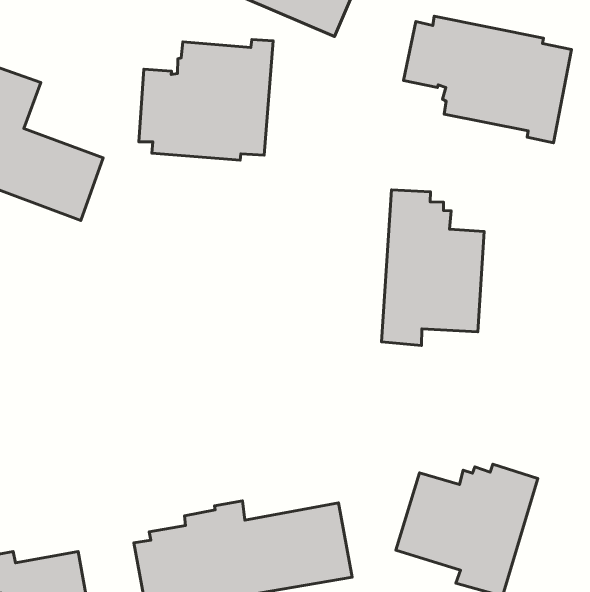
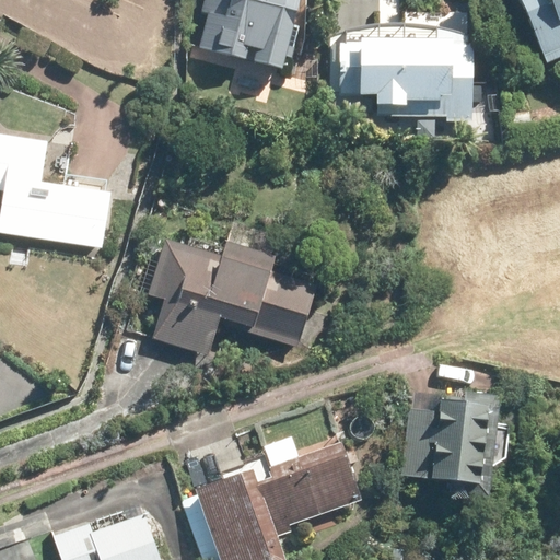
building: [139,40,273,160] -> none
building: [381,190,484,346] -> none
building: none -> [148,226,317,354]

